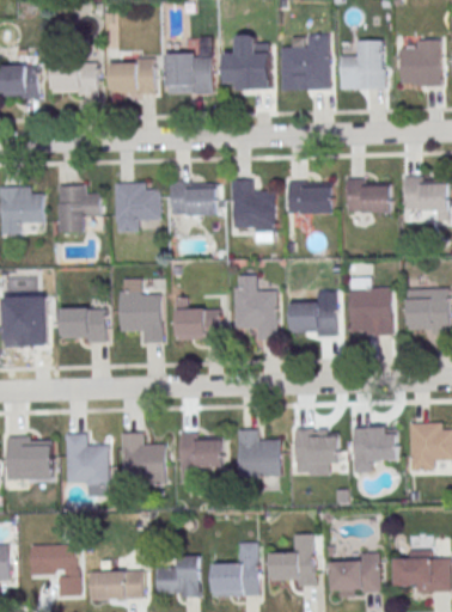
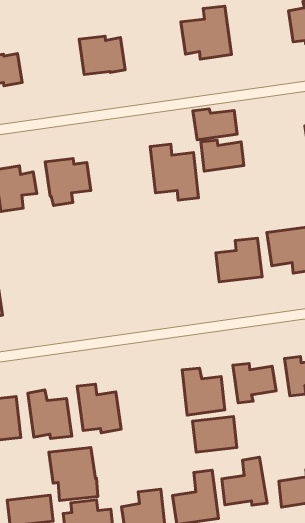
building: [338,39,386,88] -> none
building: [222,42,271,91] -> none
building: [106,59,155,94] -> none
building: [346,179,391,212] -> [193,109,237,140]
building: [171,182,219,215] -> none
building: [234,288,279,339] -> none
building: [118,292,163,343] -> none
building: [60,308,105,343] -> none
building: [175,308,219,341] -> none
building: [178,434,224,469] -> [192,416,237,452]
building: none -> [49,447,98,501]

